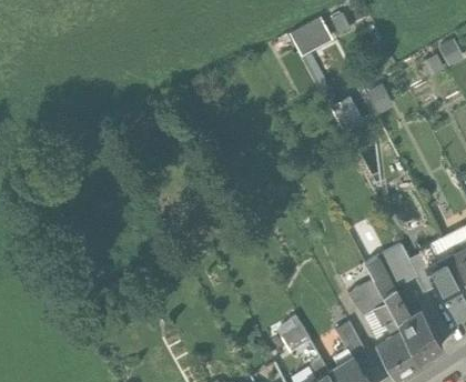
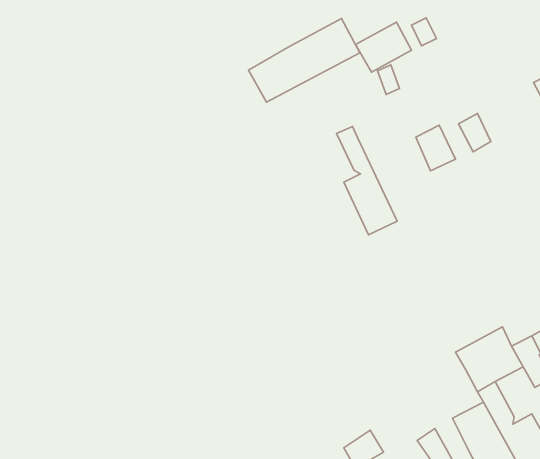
building: none -> [249,19,360,102]
building: none -> [337,126,397,235]
building: [350,280,386,316] -> none

